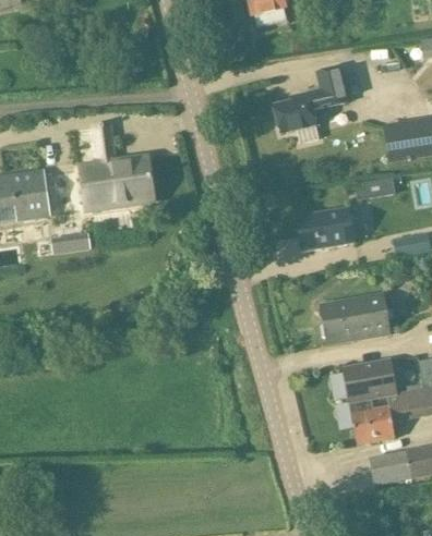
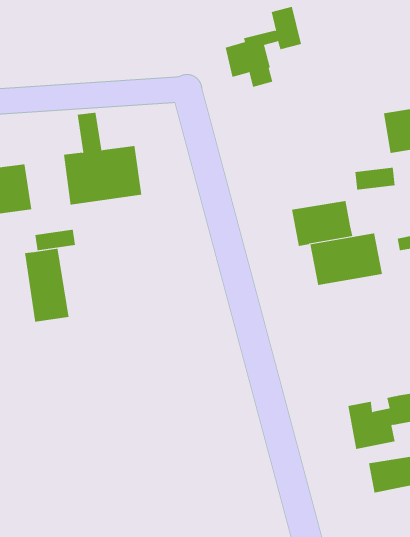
building: [273,65,346,143] -> [225,6,302,88]
building: none -> [24,248,69,322]
building: [320,293,389,343] -> [309,233,383,286]
building: [343,358,396,402] -> none

